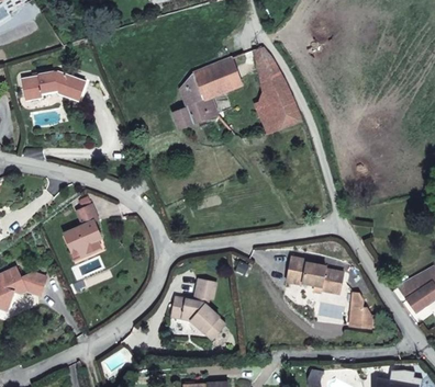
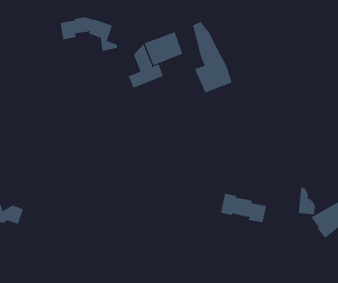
building: [21,71,92,114] -> [60,17,118,51]
building: [63,203,101,257] -> none
building: [171,278,224,339] -> none
building: [349,293,371,327] -> [298,187,316,215]

